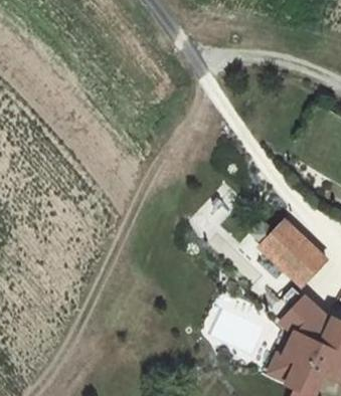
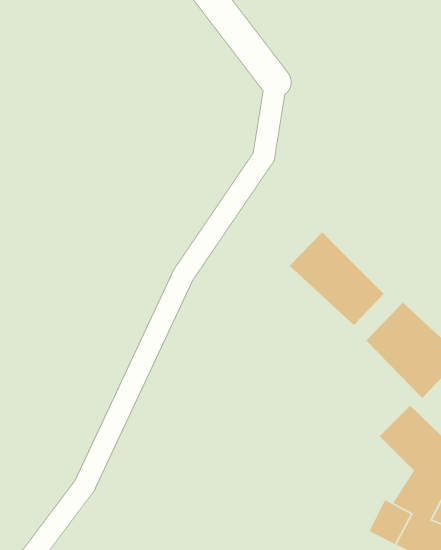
building: none -> [289,232,385,326]

